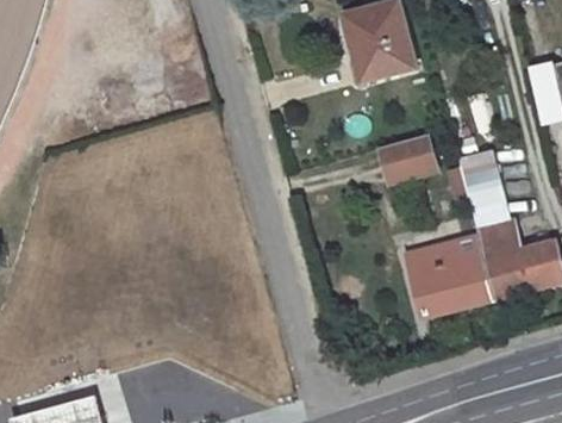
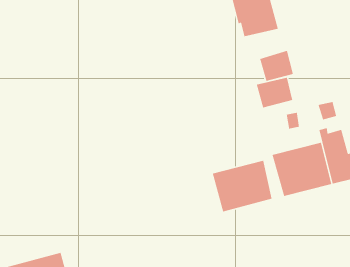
building: none -> [259,50,294,82]
building: none -> [212,160,273,212]

